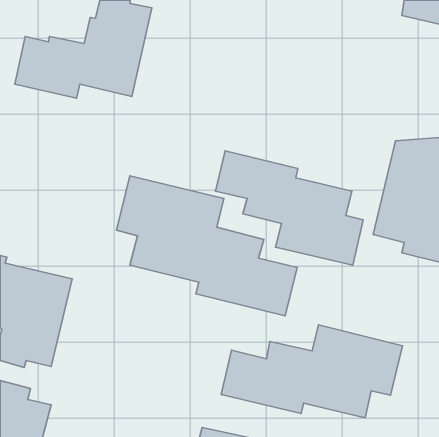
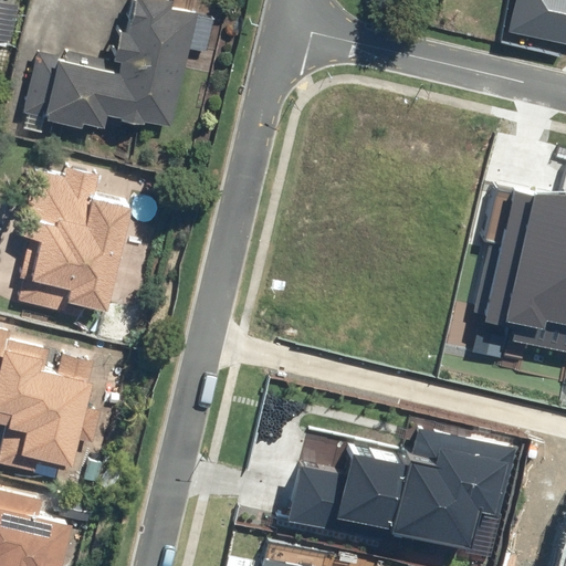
building: none -> [17,169,133,317]
building: [215,151,363,265] -> none
building: [116,176,297,316] -> none

